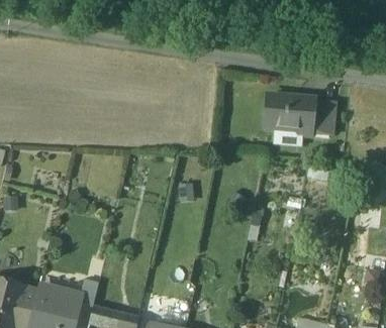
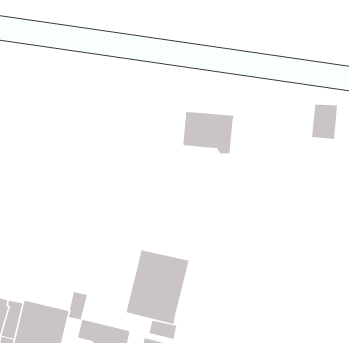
building: [266,93,315,133] -> [182,111,235,154]
building: none -> [126,249,189,325]

